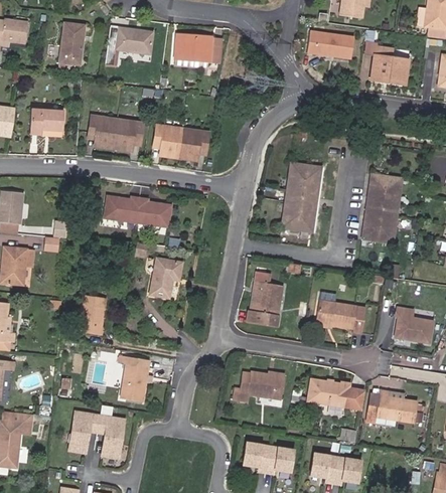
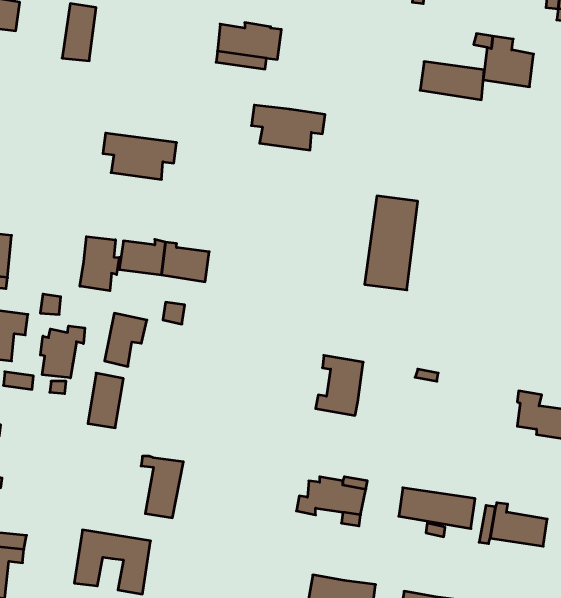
building: [104,25,152,63] -> none
building: [307,29,354,57] -> [420,62,484,100]
building: [29,109,63,134] -> none
building: [154,126,208,159] -> [251,105,325,150]
building: [363,174,404,243] -> none
building: none -> [80,237,119,291]
building: [150,258,181,297] -> [105,313,147,366]
building: none -> [40,326,85,378]
building: [316,301,366,332] -> none

